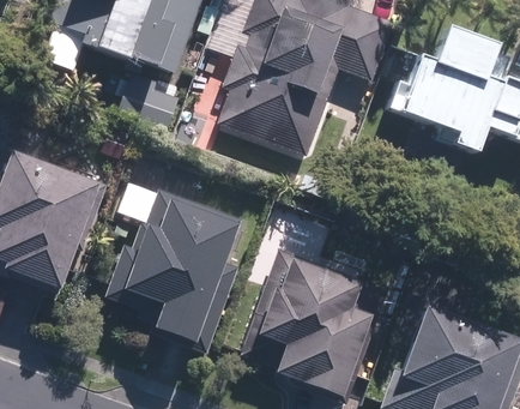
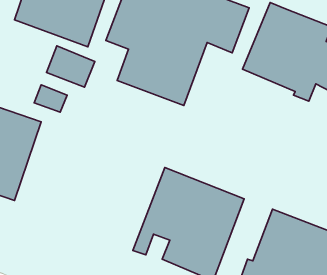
building: [109,188,244,345] -> none

